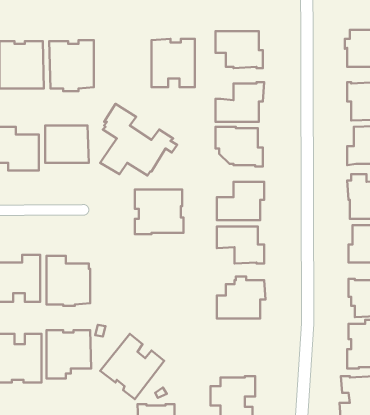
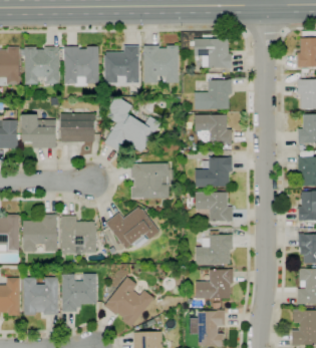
building: none -> [104,46,138,87]
building: none -> [105,207,160,251]
building: none -> [196,269,233,299]

